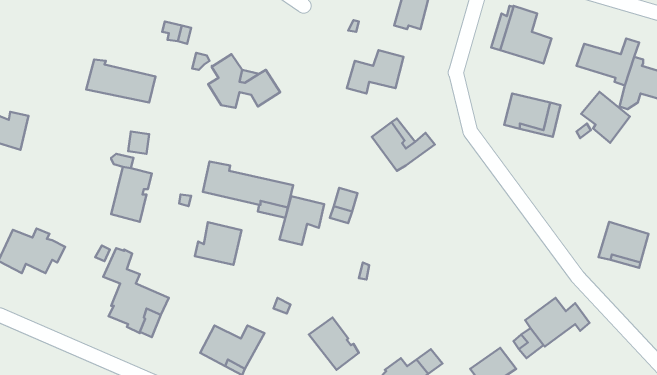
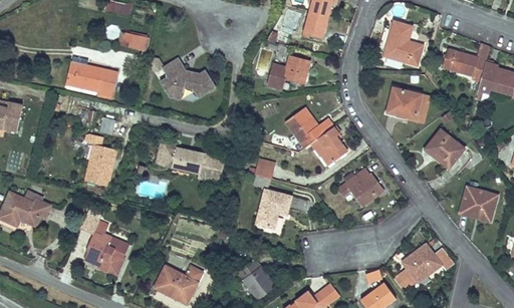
building: [581,92,630,143] -> [427,129,464,169]
building: none -> [311,125,346,166]
building: [279,196,324,245] -> [256,191,290,228]
building: none -> [337,169,382,206]
building: [195,222,242,265] -> none

